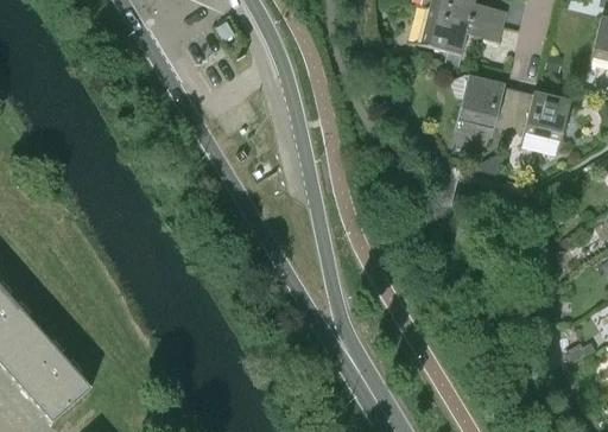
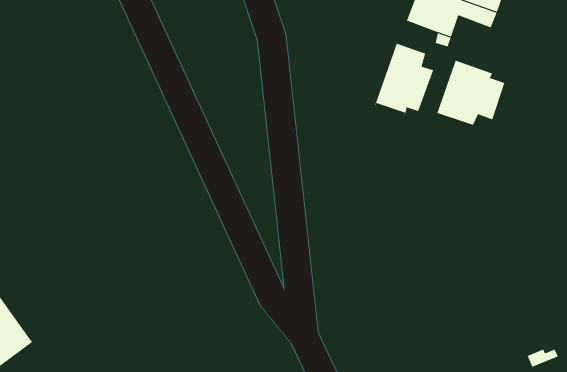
building: none -> [375,43,434,117]
building: [509,88,571,152] -> none

